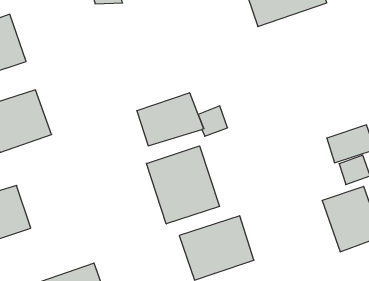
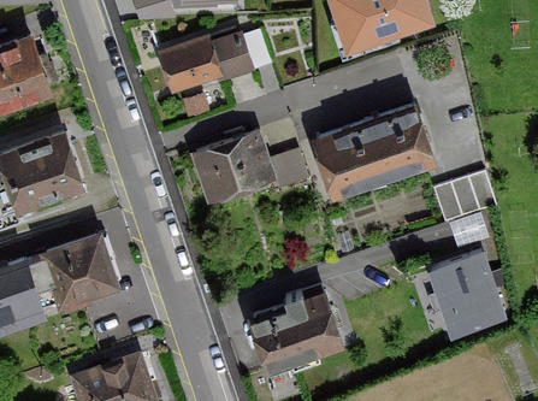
building: none -> [156,30,272,93]
building: none -> [313,105,433,199]
building: [146,146,219,224] -> none
building: none -> [40,232,120,307]

